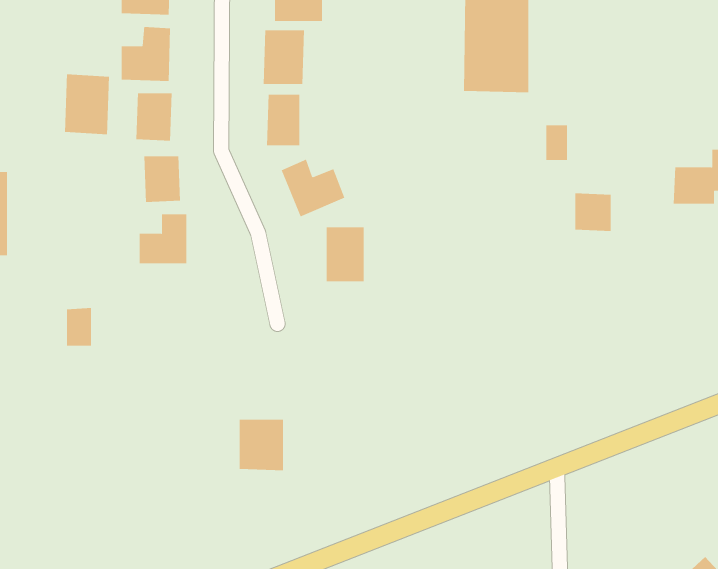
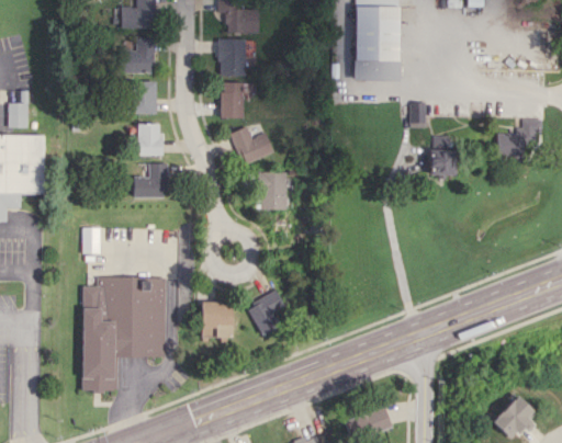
building: [64,73,110,135] -> none
building: none -> [81,277,167,391]
building: none -> [246,289,288,336]

